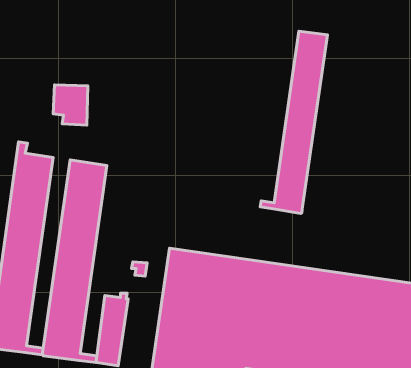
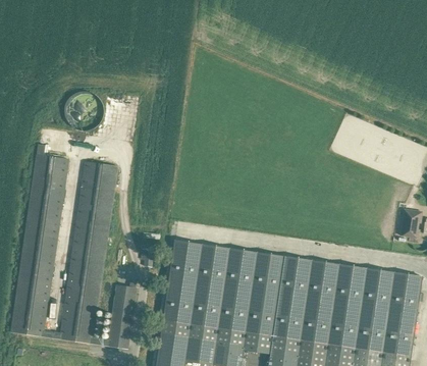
building: [260,31,327,213] -> none

